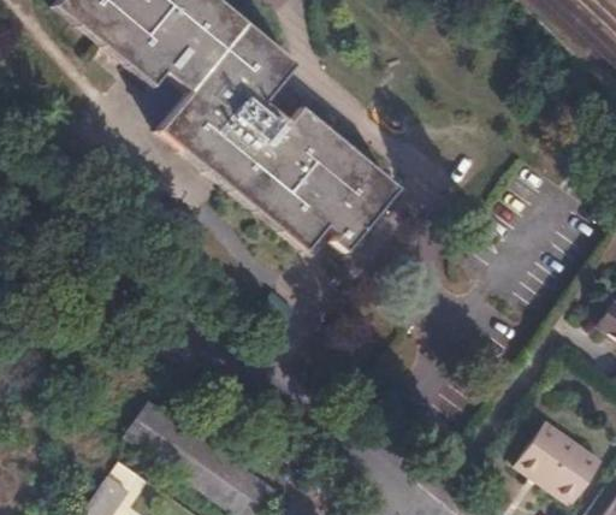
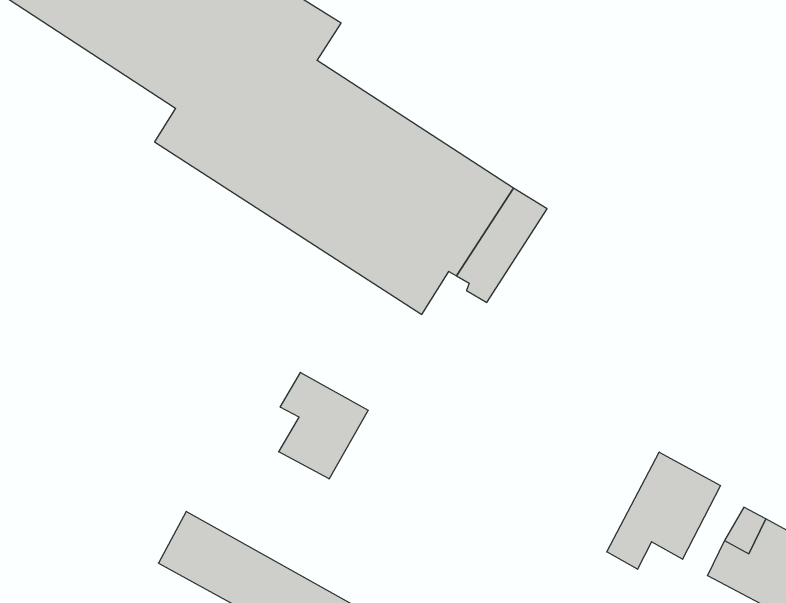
building: none -> [279,372,368,479]
building: none -> [607,452,720,569]

